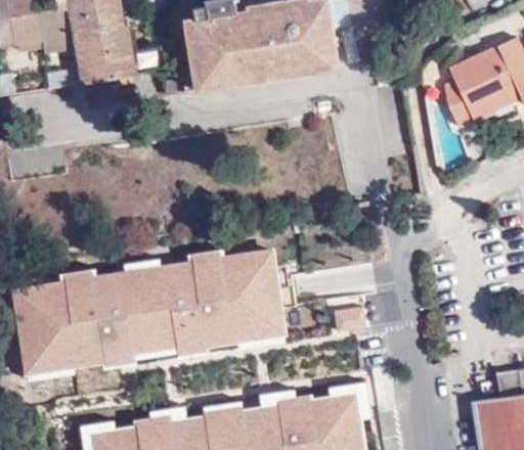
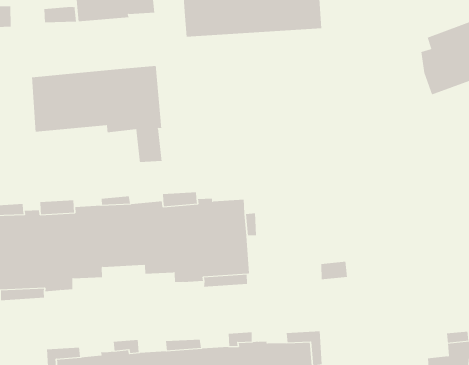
building: none -> [32,65,162,163]
building: [101,330,208,369] -> none

